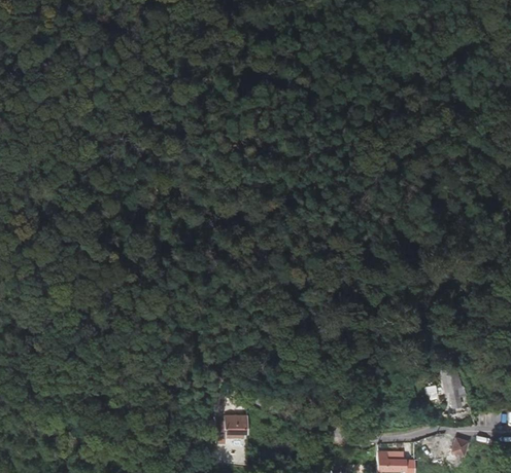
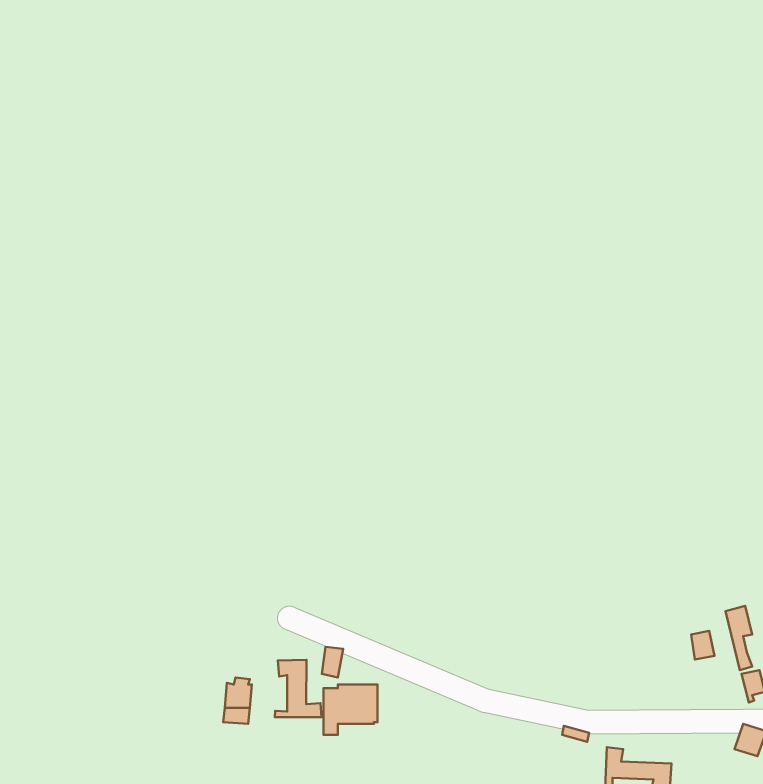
building: none -> [275,660,322,717]

